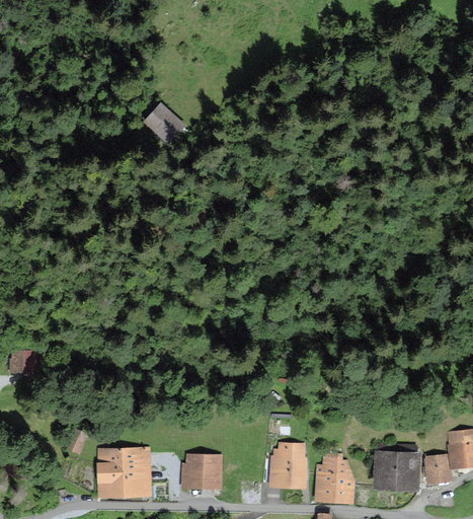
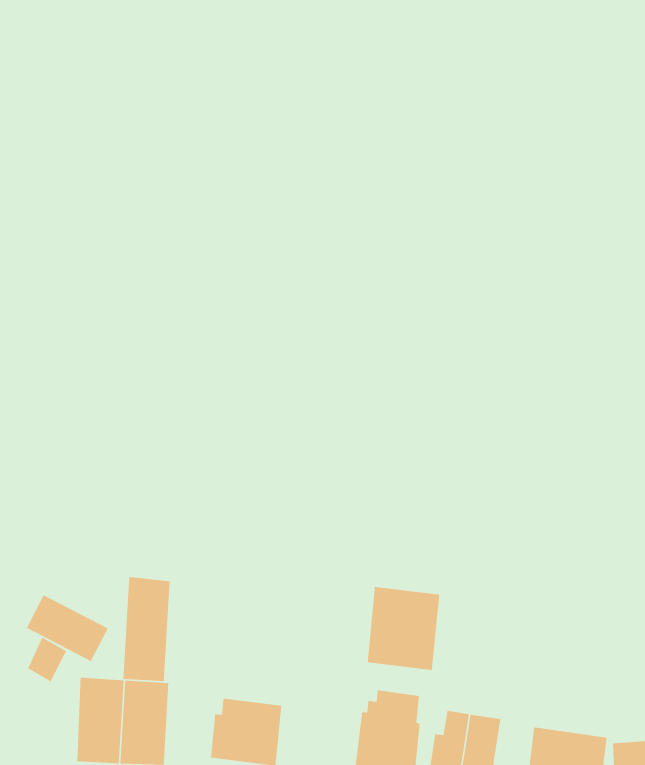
building: [144,99,187,143] -> none
building: none -> [367,586,440,671]
building: none -> [122,576,171,682]
building: none -> [26,594,109,662]

